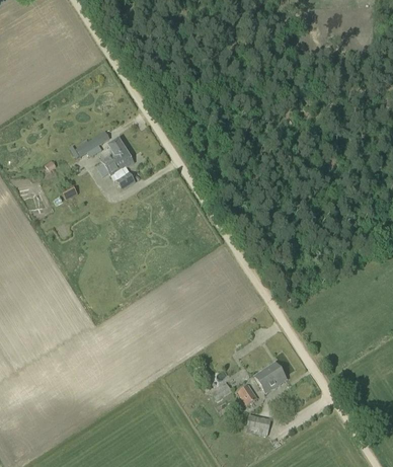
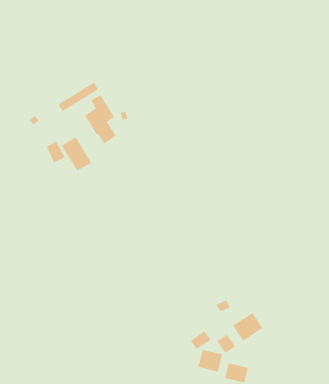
building: none -> [61,136,92,172]
building: none -> [197,349,223,372]

